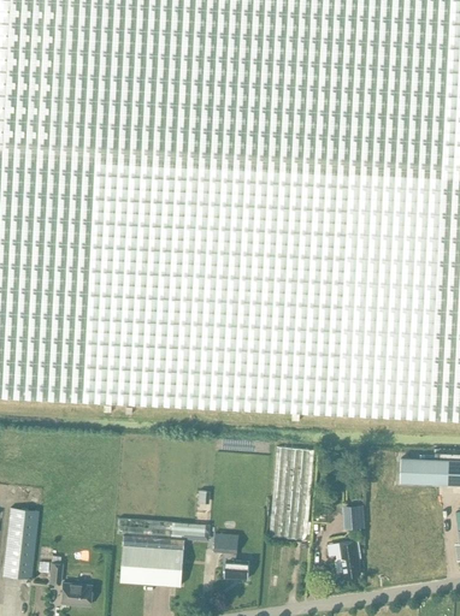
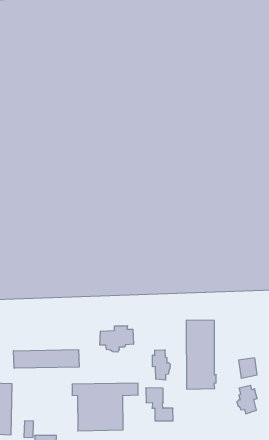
building: none -> [100,326,133,352]
building: none -> [13,350,79,368]
building: none -> [152,350,170,380]

